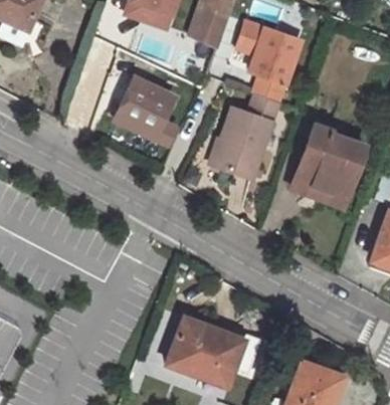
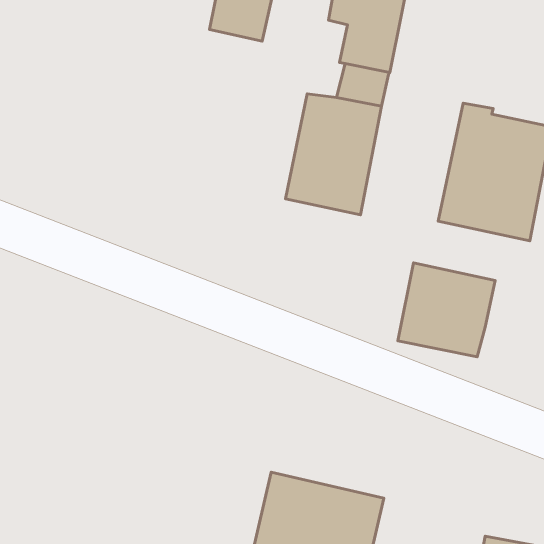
building: [115,80,178,149] -> none
building: none -> [398,263,495,357]

